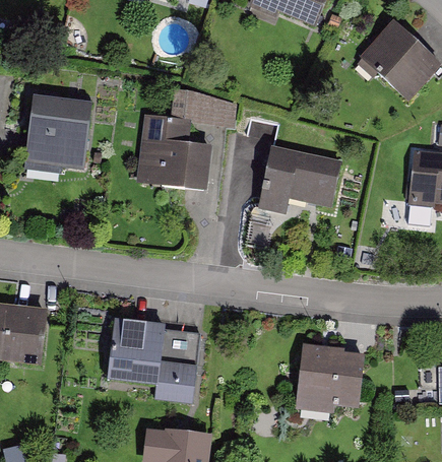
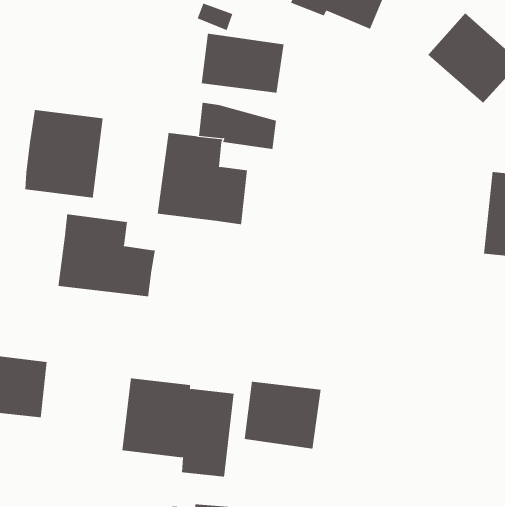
building: none -> [201,33,284,94]
building: [260,144,340,209] -> none
building: none -> [58,213,155,297]
building: [299,344,364,401] -> [244,381,322,449]

